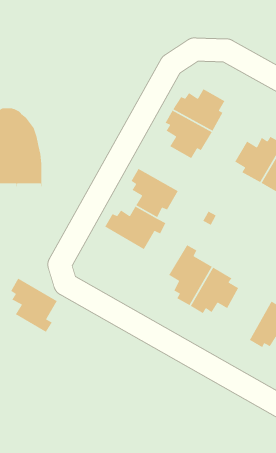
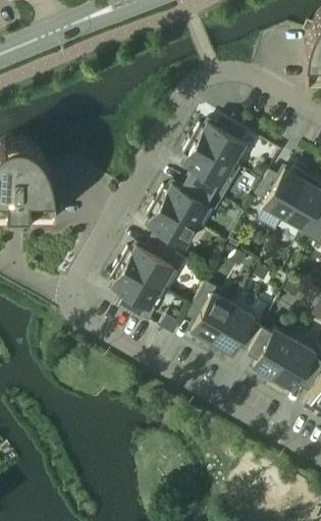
building: none -> [156,180,212,227]
building: [10,278,58,333] -> [112,265,162,323]
building: none -> [250,329,296,384]

